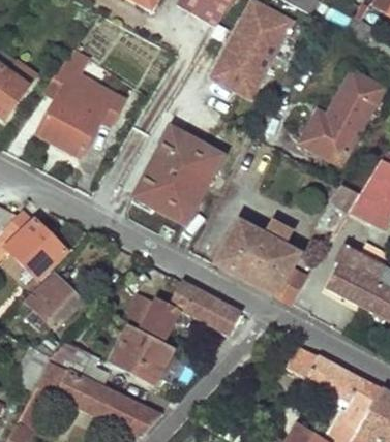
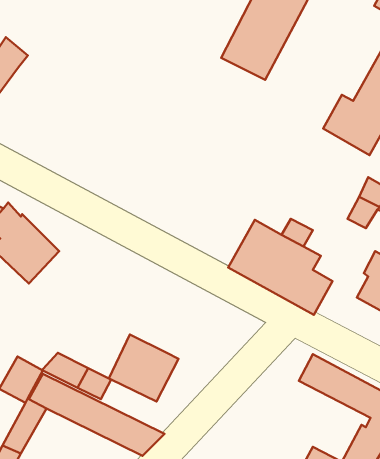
building: [36,52,125,157] -> none
building: [134,129,224,227] -> none
building: [29,273,84,333] -> none
building: [124,281,243,341] -> none

